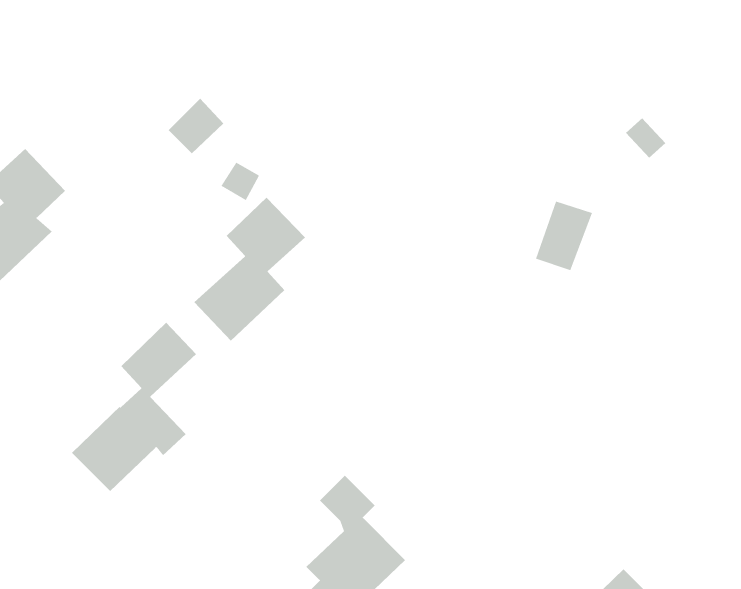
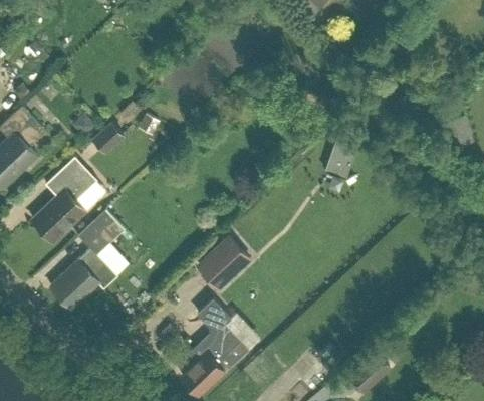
building: [168,98,224,154] -> [91,122,125,155]
building: [193,197,306,341] -> [31,158,97,243]
building: none -> [196,236,252,292]

